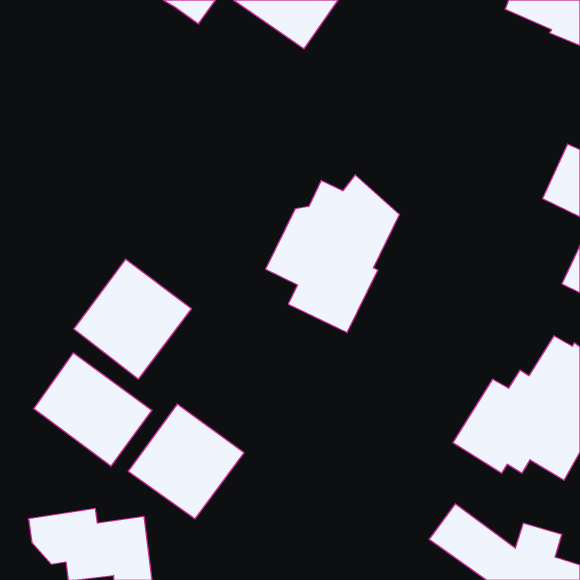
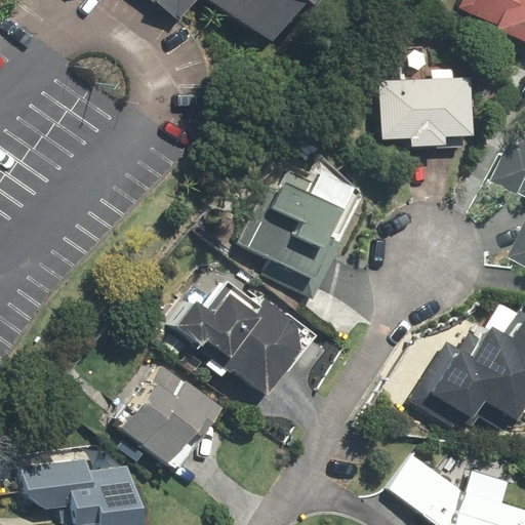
building: none -> [381,77,473,147]
building: [74,259,191,379] -> none
building: none -> [176,281,317,395]
building: [34,353,152,466] -> none

